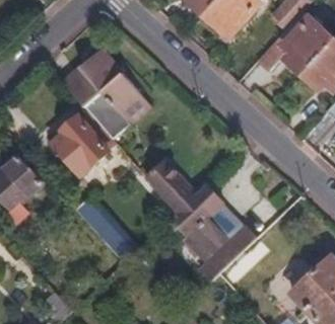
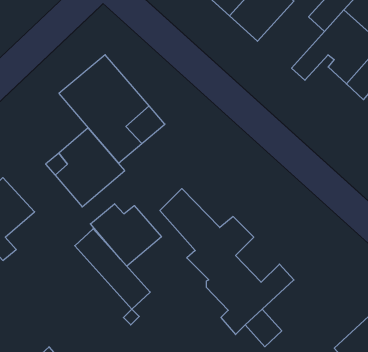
building: none -> [90,204,161,266]

